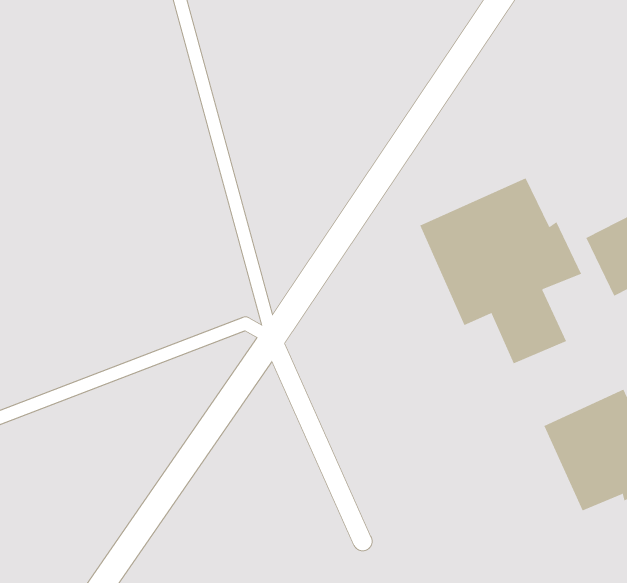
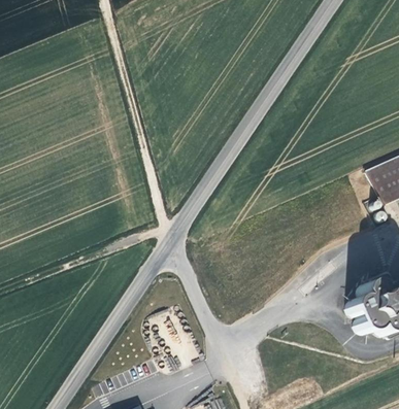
building: [419,177,582,364] -> none

